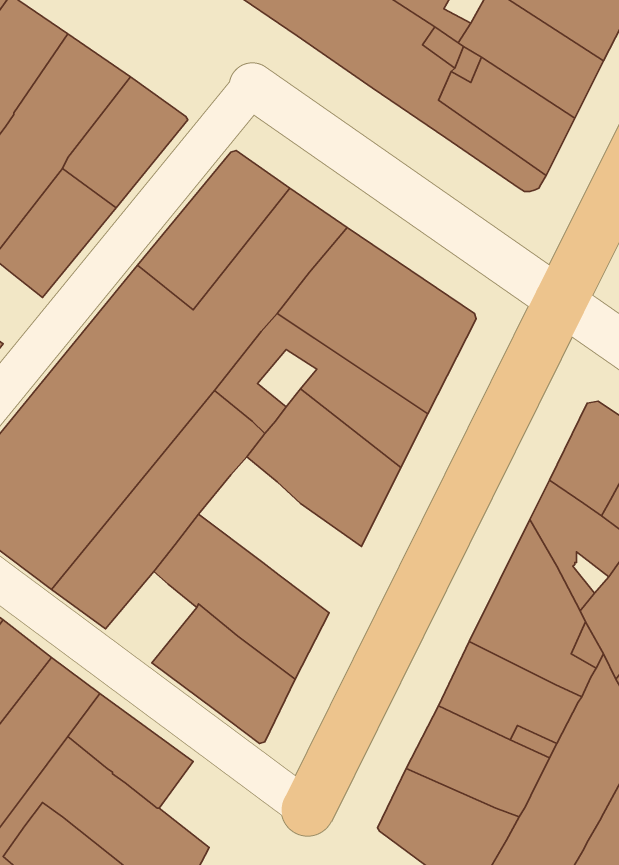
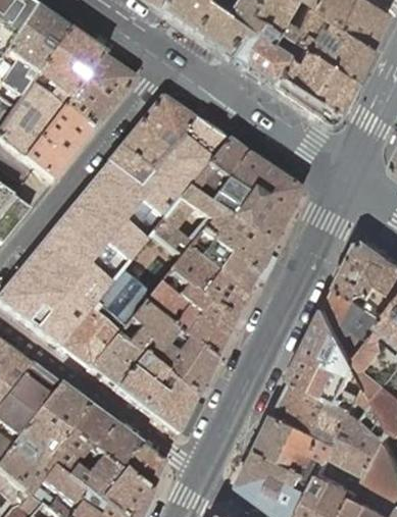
building: none -> [142,268,235,357]
building: none -> [89,333,141,385]
building: none -> [119,442,163,490]

